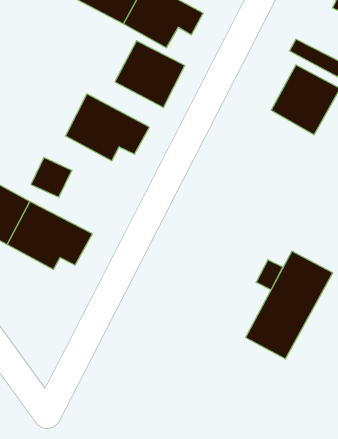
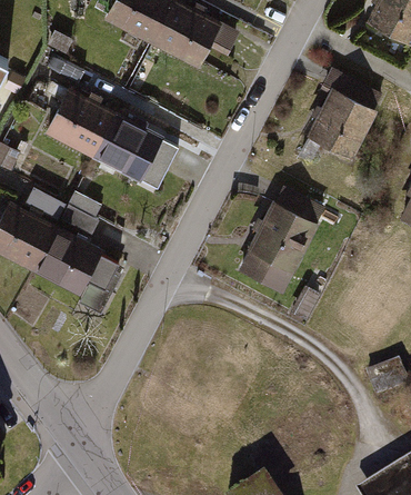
building: [115,41,185,108] -> [44,90,117,159]
building: [246,251,333,359] -> [234,184,324,295]

